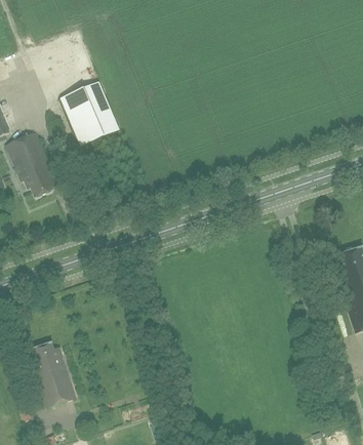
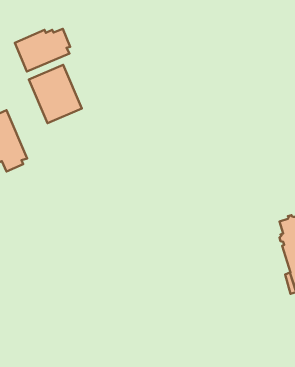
building: none -> [15,29,70,72]
building: [33,340,76,407] -> none

